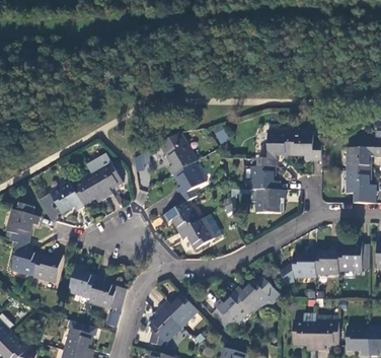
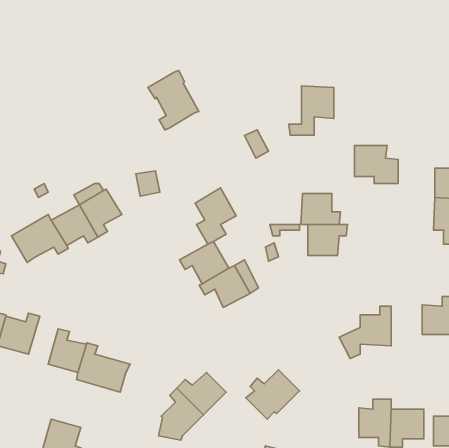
building: [257,132,290,167] -> [289,86,334,135]
building: [160,133,197,175] -> [148,70,199,130]
building: [316,246,338,274] -> none
building: [233,277,280,312] -> none

